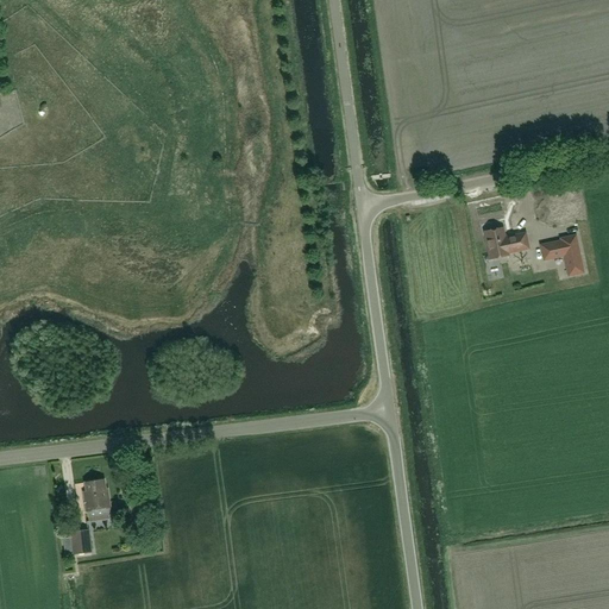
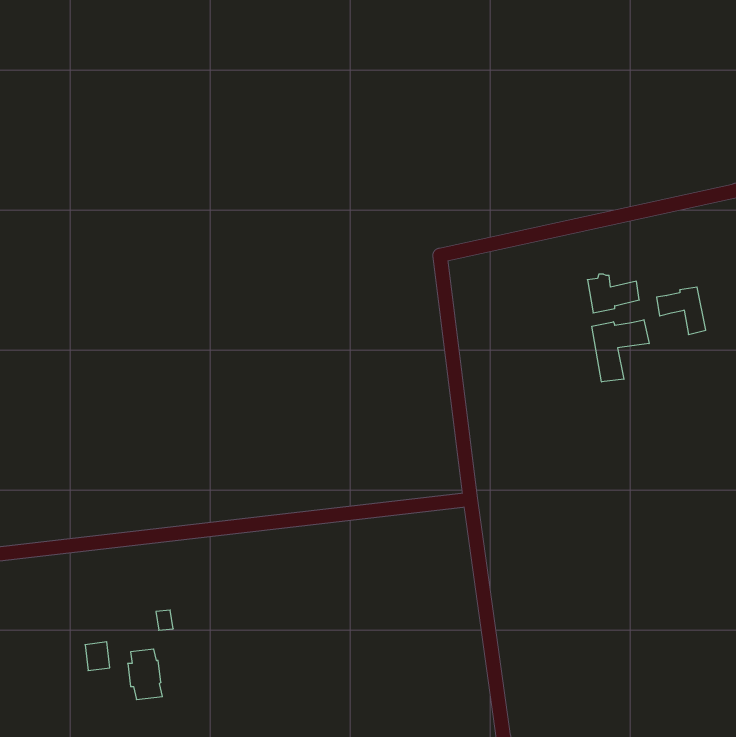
building: none -> [592,320,649,382]
building: [82,479,111,521] -> [128,649,162,700]

